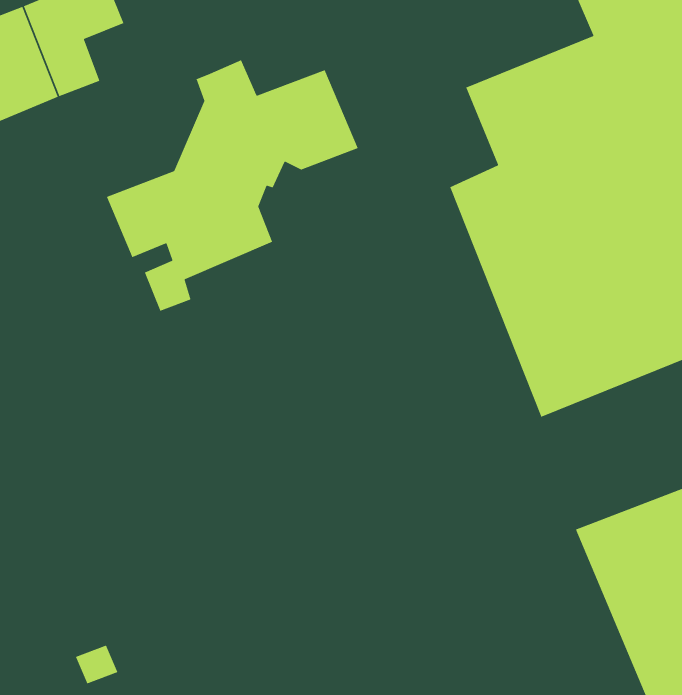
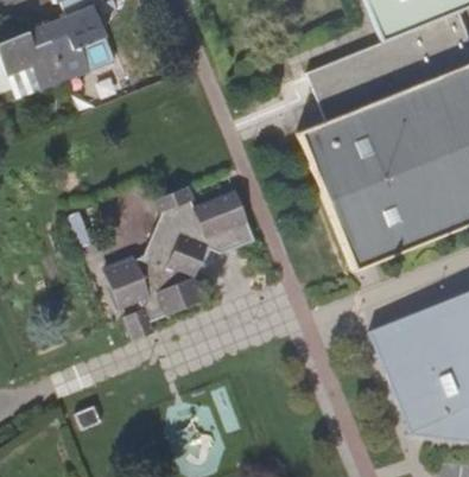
building: [106,59,359,312] -> [104,182,255,332]

